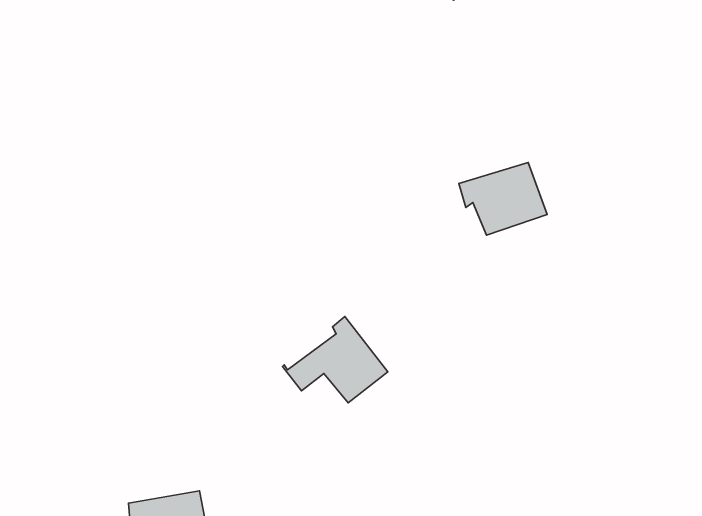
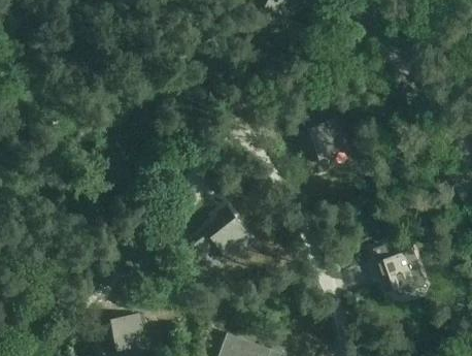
building: none -> [374,245,428,291]

